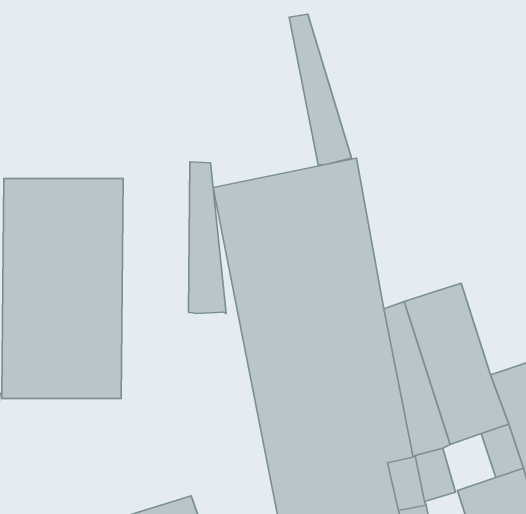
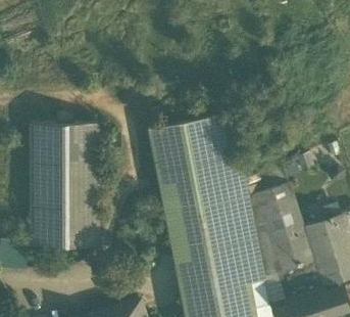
building: [289,14,352,165] -> none
building: [189,162,226,313] -> none

